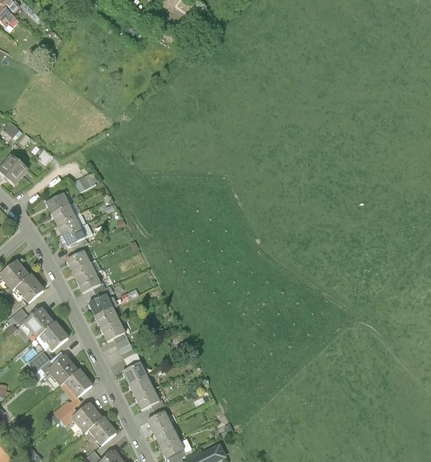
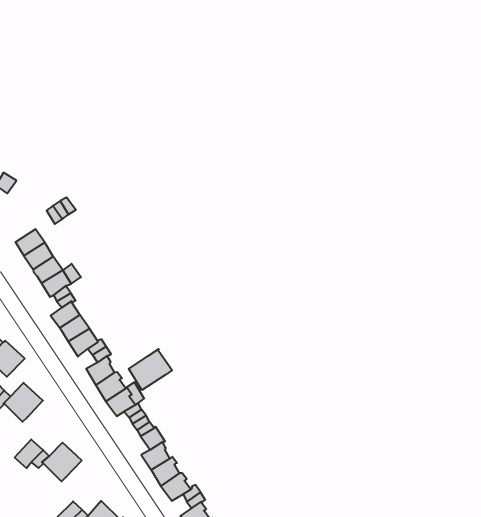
building: none -> [129,349,172,390]
building: [41,321,68,348] -> none
building: [65,369,92,396] -> none

